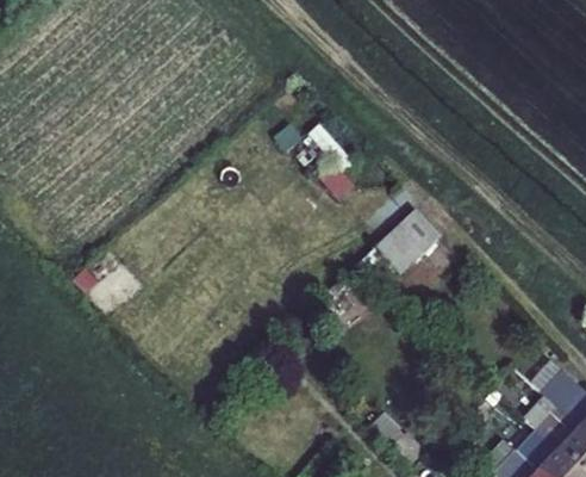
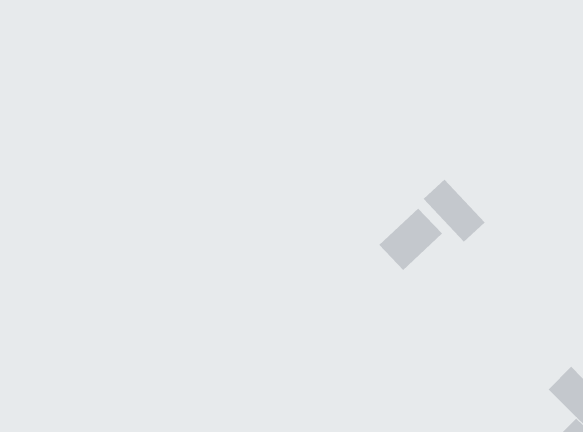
building: none -> [423,179,485,242]

